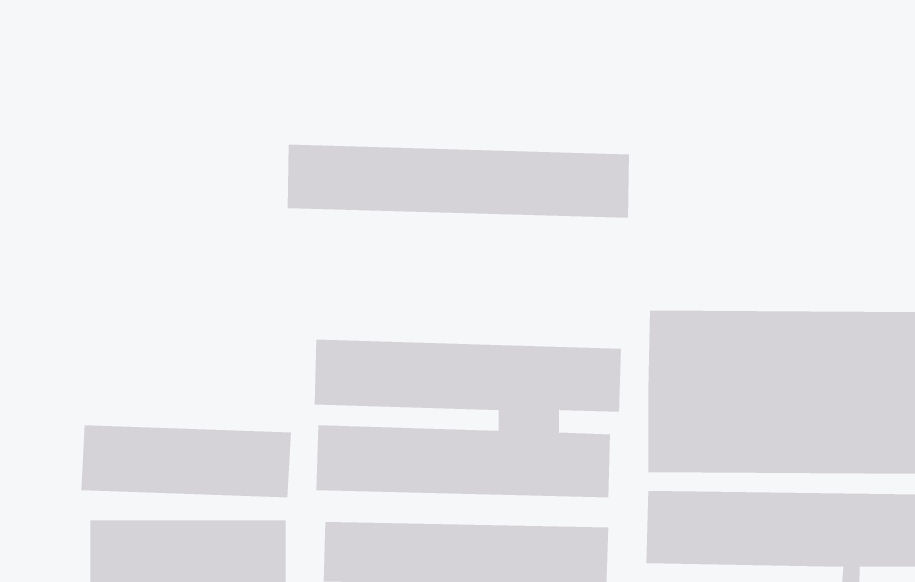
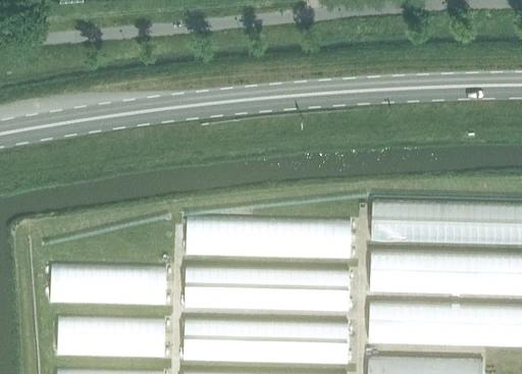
building: [287,144,630,219] -> none

